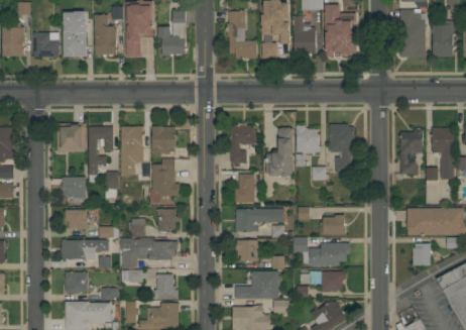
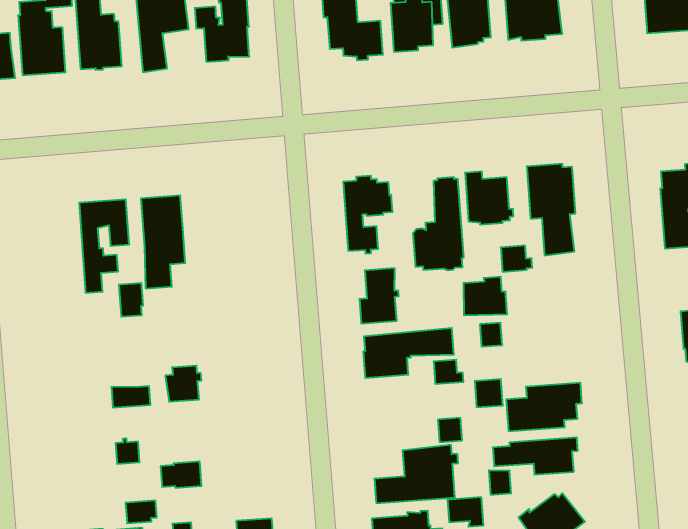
building: [55,123,85,151] -> none
building: [151,126,174,153] -> none
building: [151,157,180,201] -> none
building: [61,177,85,198] -> none
building: [157,209,178,231] -> none
building: [65,210,89,229] -> none
building: [322,215,345,235] -> [463,277,507,315]
building: [120,238,178,267] -> none
building: [63,240,108,258] -> none
building: [235,240,257,261] -> none
building: [65,272,87,293] -> none
building: [153,274,178,299] -> none

